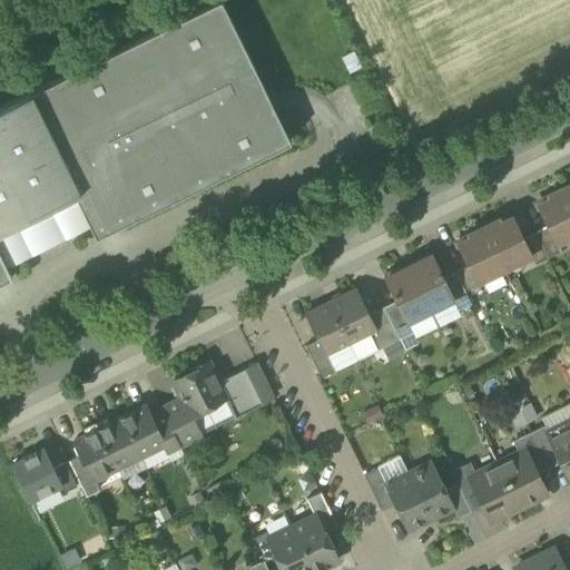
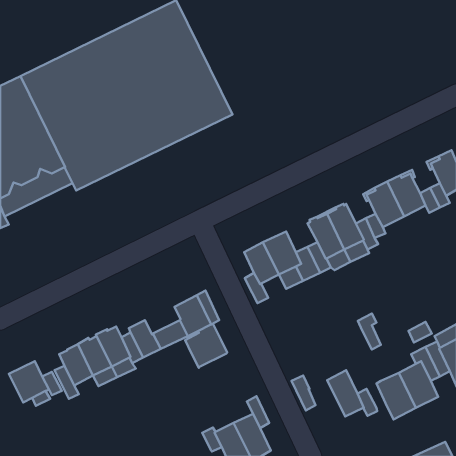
building: [174,363,226,417] -> [185,324,227,368]
building: [452,464,481,509] -> [358,314,381,349]
building: [385,474,431,532] -> none

